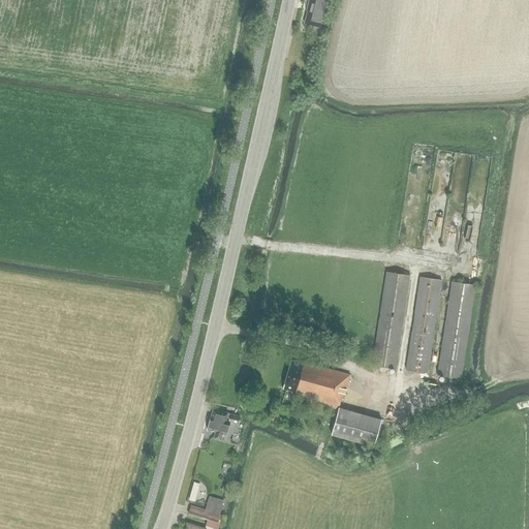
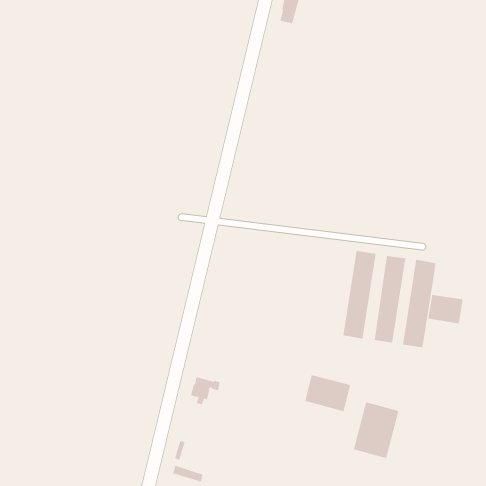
building: none -> [428,294,463,324]
building: [283,361,349,408] -> none
building: none -> [353,401,399,459]

